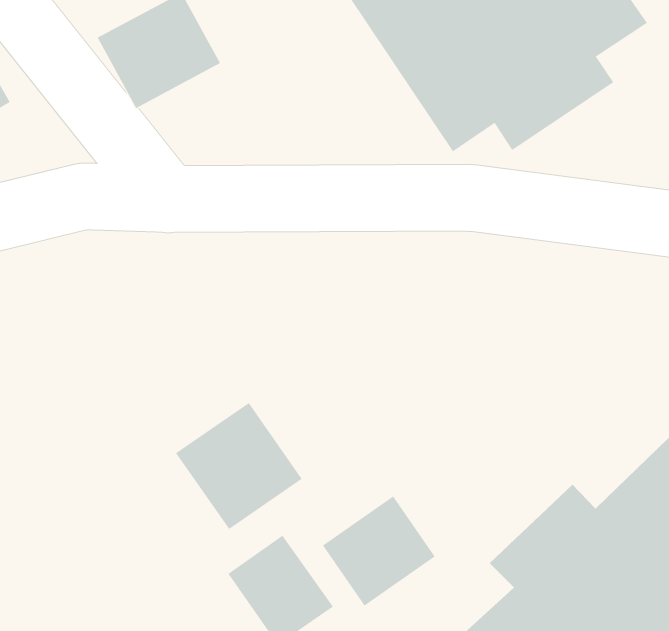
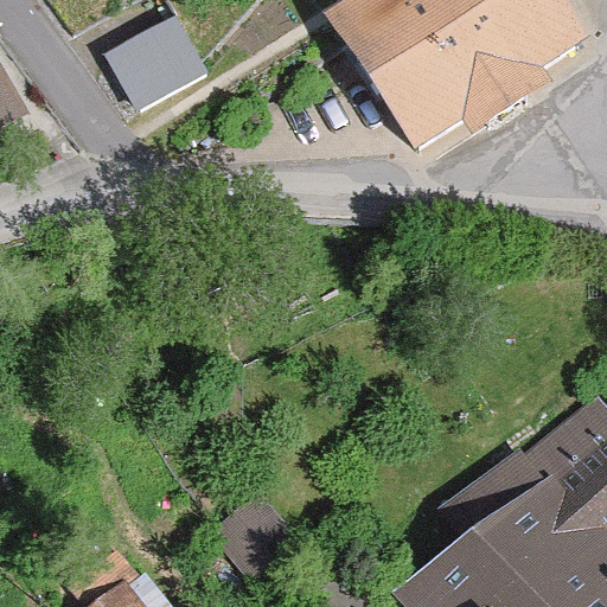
building: [175,402,303,530] -> none
building: [322,496,435,607] -> none

